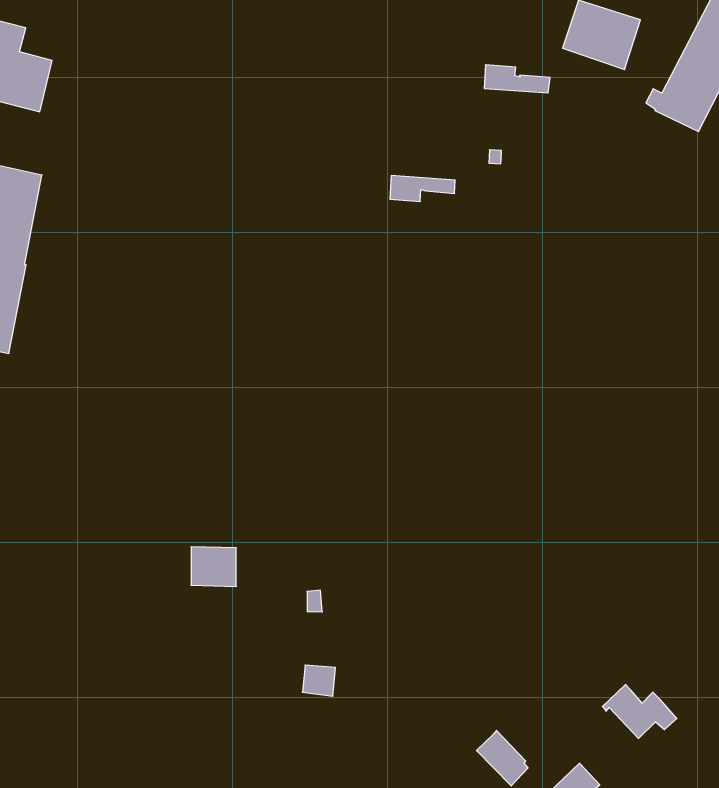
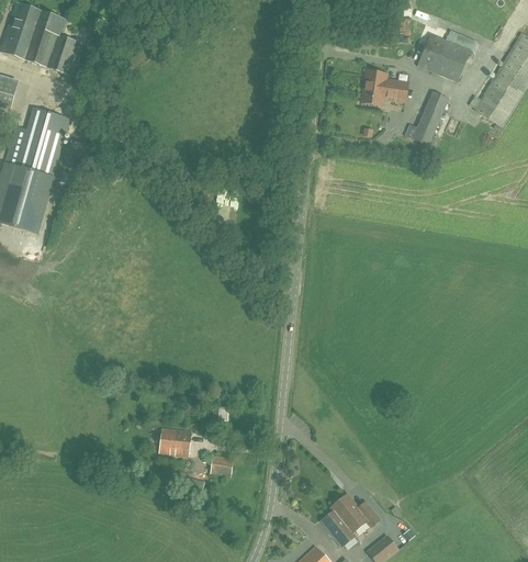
building: none -> [405,91,448,145]
building: [390,176,455,201] -> [361,86,405,104]
building: [191,547,236,586] -> [158,427,190,456]
building: [602,684,677,738] -> [330,494,379,530]

